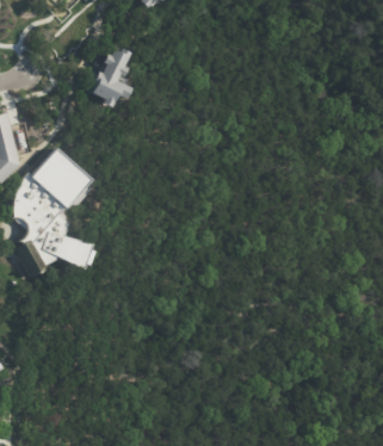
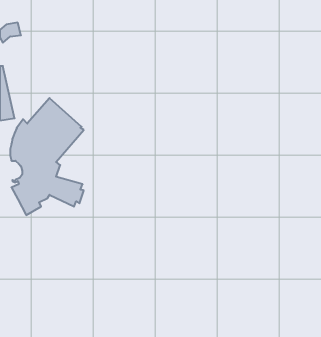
building: [93,49,134,109] -> none

